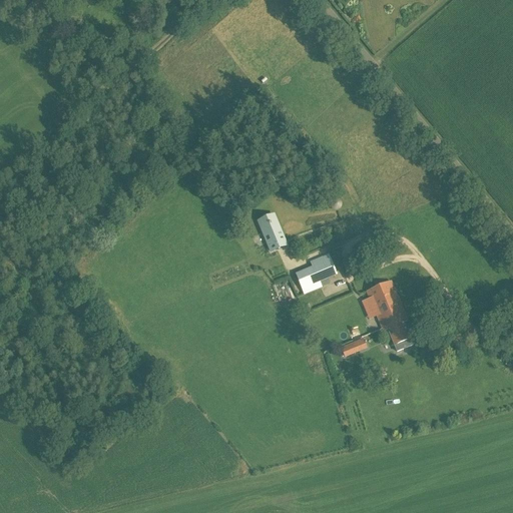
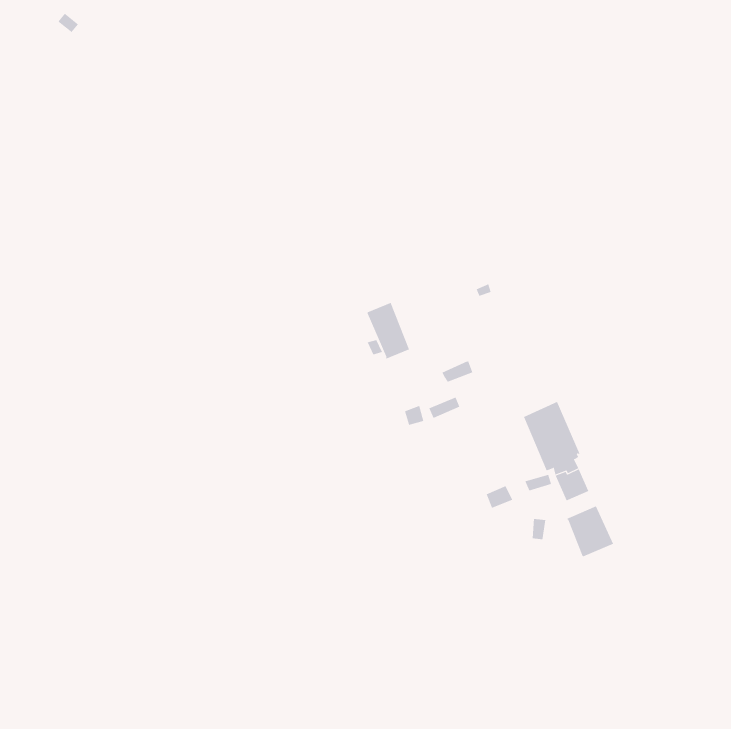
building: none -> [566,506,614,557]

